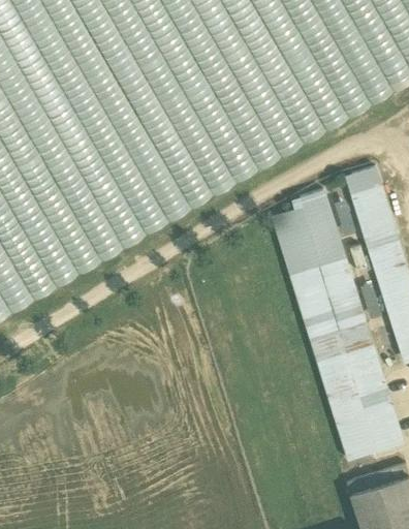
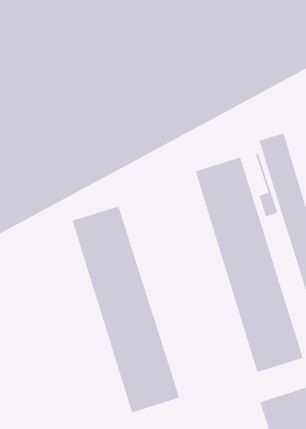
building: none -> [72,206,180,413]

